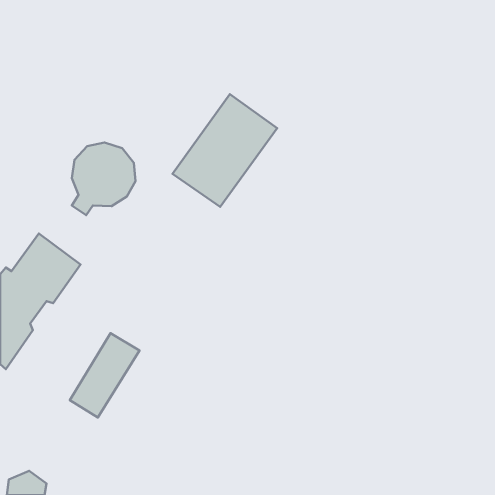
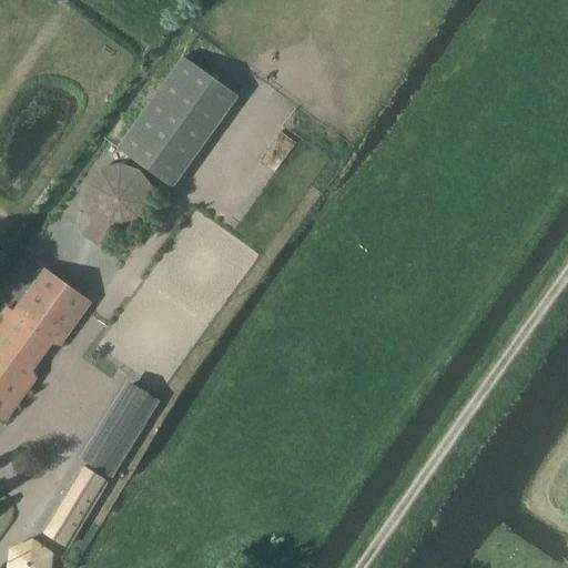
building: [173,94,277,207] -> [115,57,235,185]
building: none -> [45,469,105,544]

